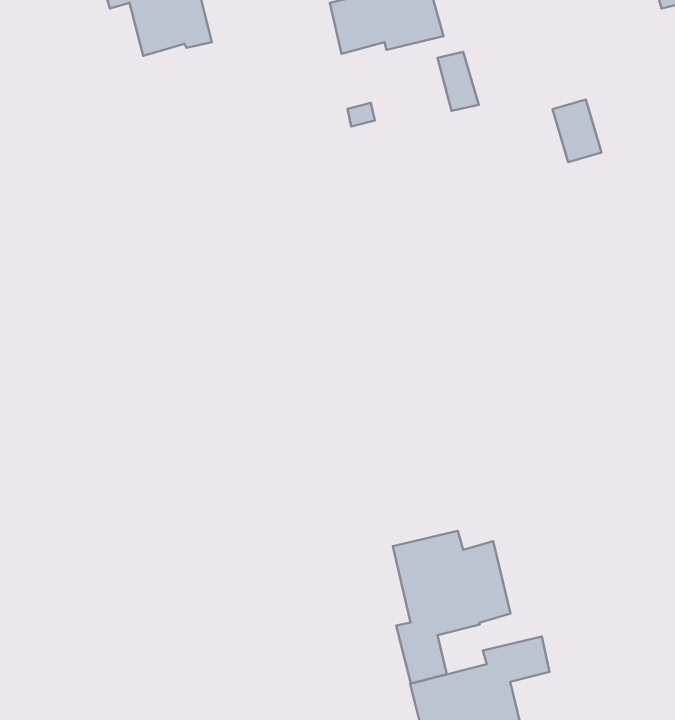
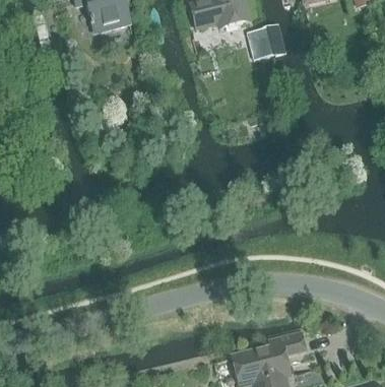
building: [553,99,602,162] -> [260,22,285,55]
building: [393,531,511,684] -> none

